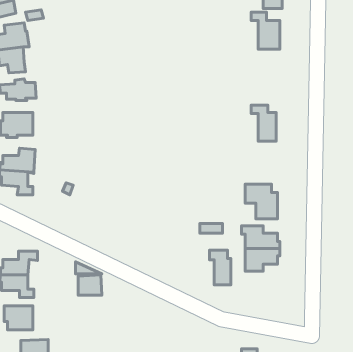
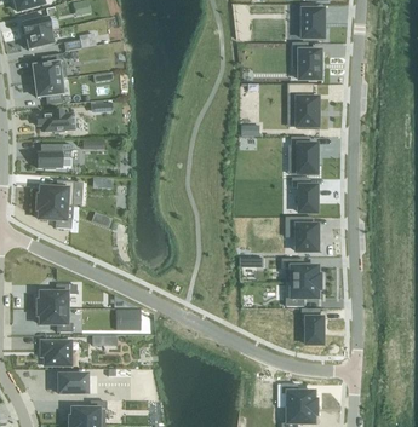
building: none -> [288,83,319,127]
building: none -> [293,178,317,213]
building: [209,250,231,285] -> [302,308,323,344]

